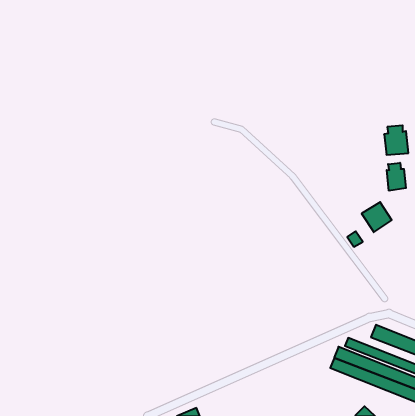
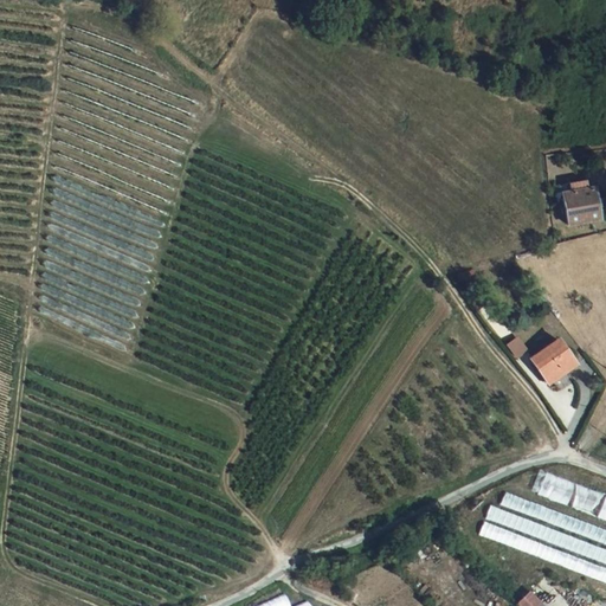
building: [387,163,406,191] -> none
building: [362,202,392,232] -> [536,342,580,386]

